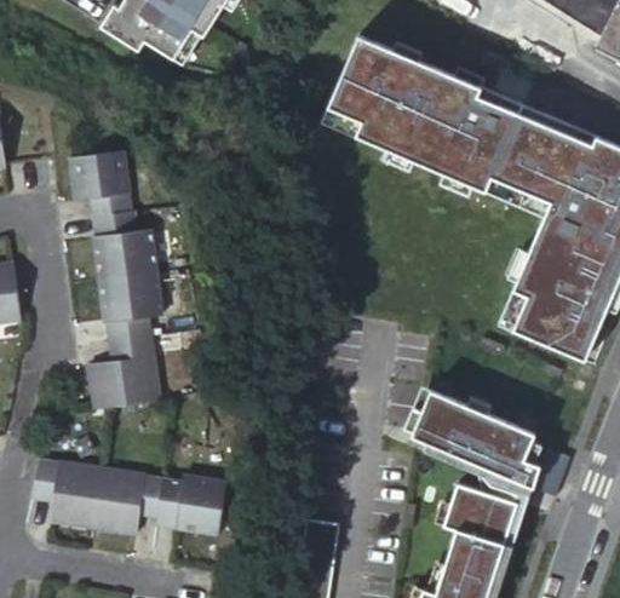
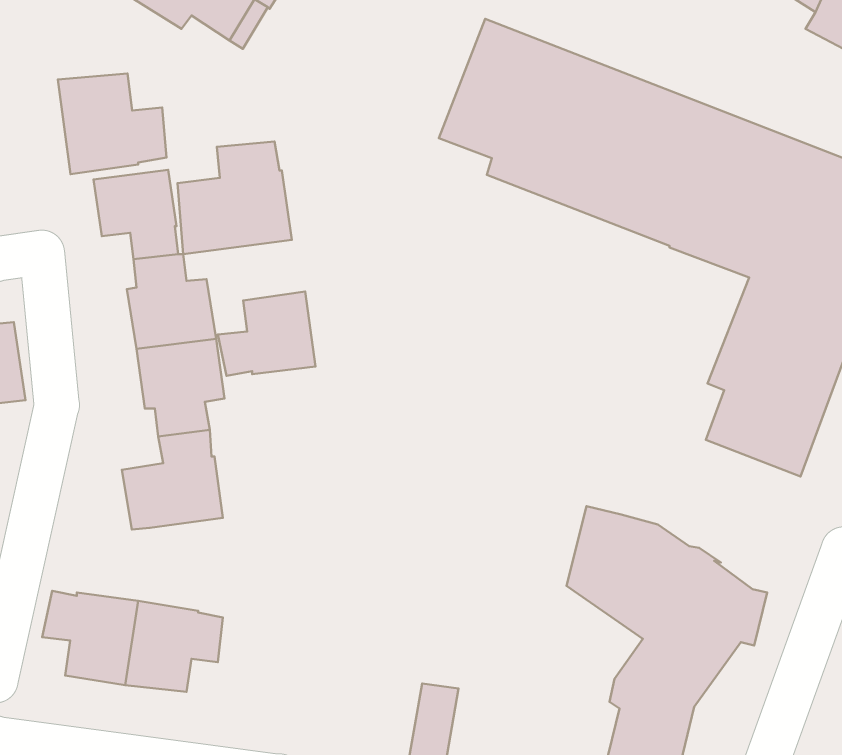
building: none -> [58,73,167,174]
building: none -> [177,142,292,254]
building: none -> [218,291,315,376]
building: [159,467,230,528] -> none

